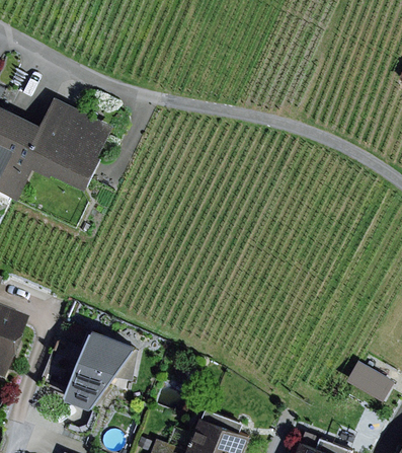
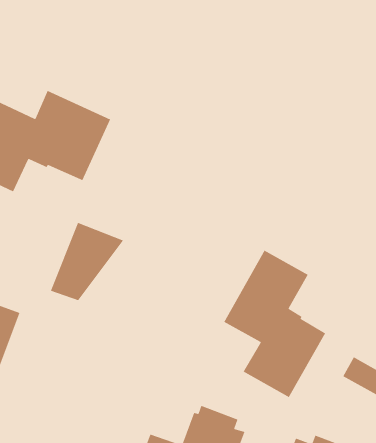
building: none -> [223,249,326,398]
building: [64,329,138,408] -> [50,222,124,301]

